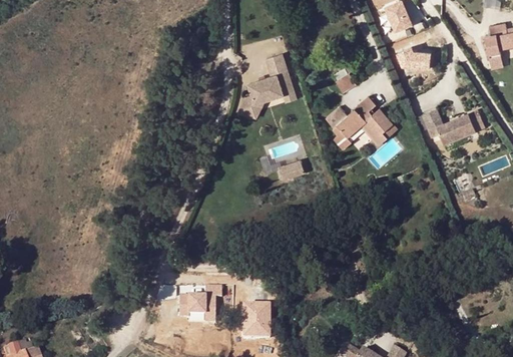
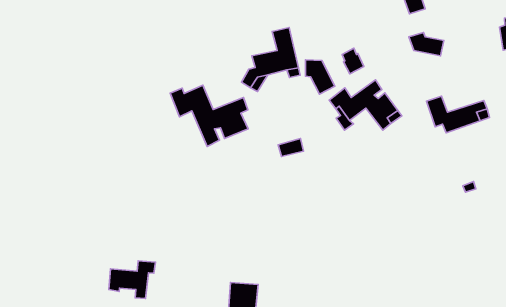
building: none -> [305,60,335,94]
building: none -> [170,85,248,146]
building: [179,285,222,321] -> [109,261,156,299]

